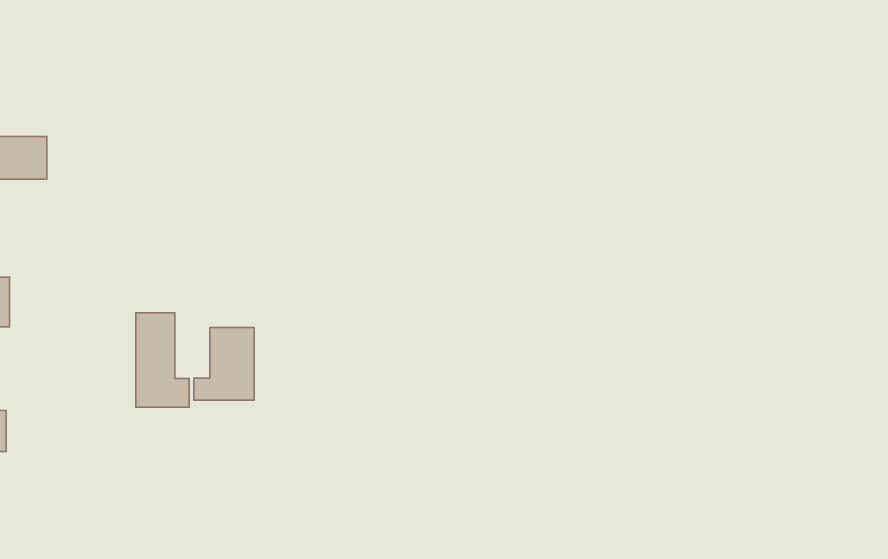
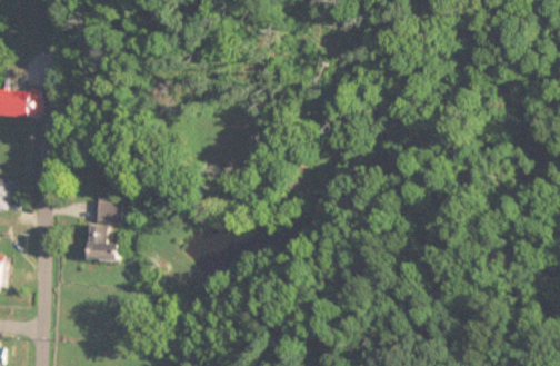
building: [194,328,254,400] -> none

